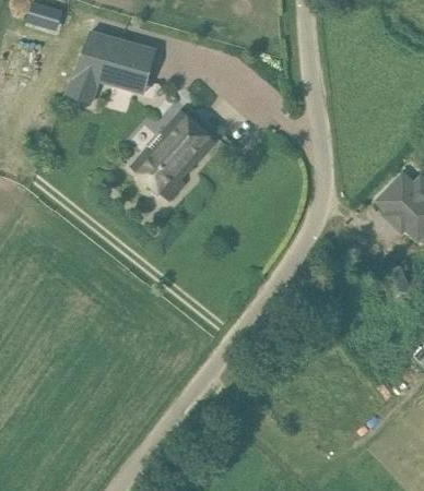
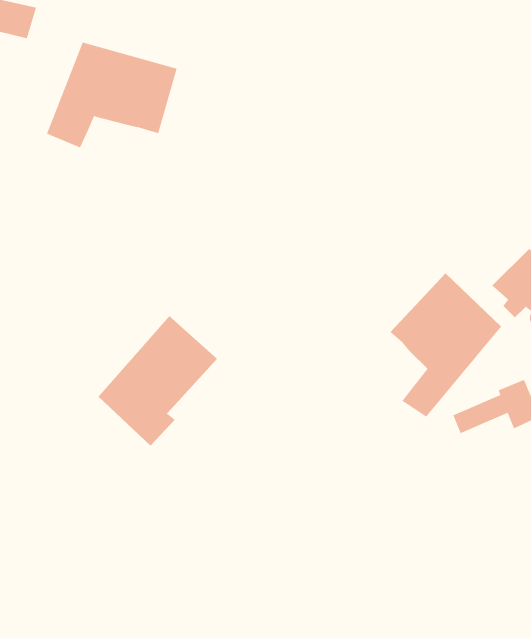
building: [131,110,215,202] -> [97,315,218,446]
building: none -> [390,273,502,417]

